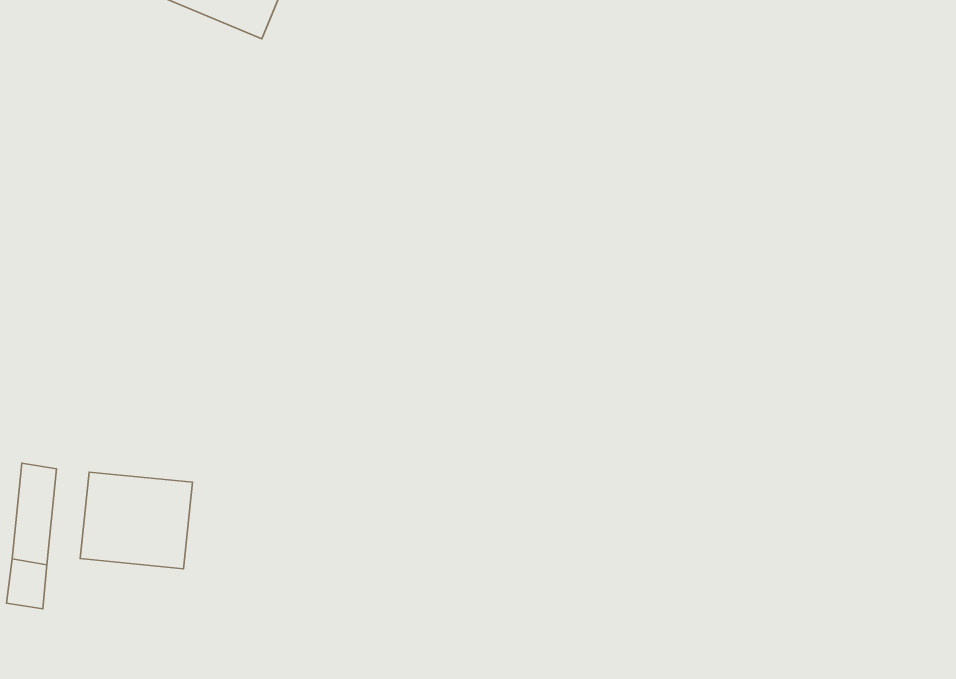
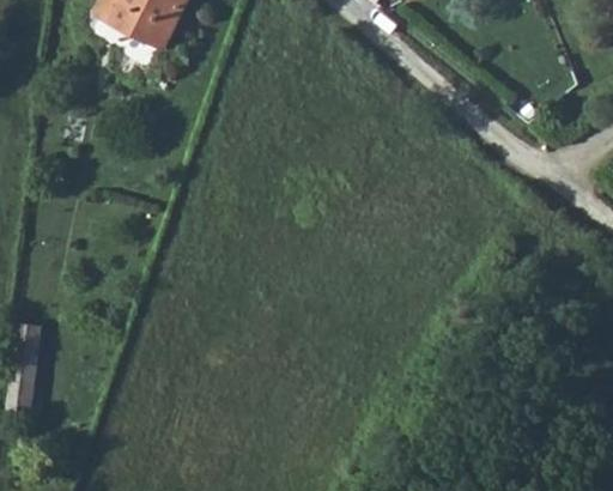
building: [80,472,192,569] -> none

